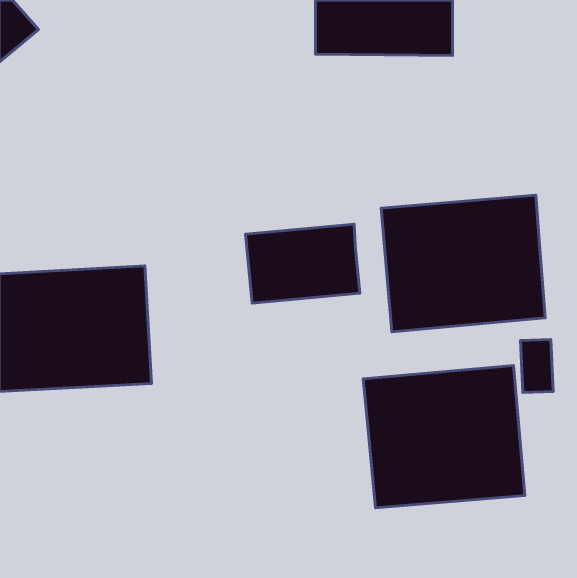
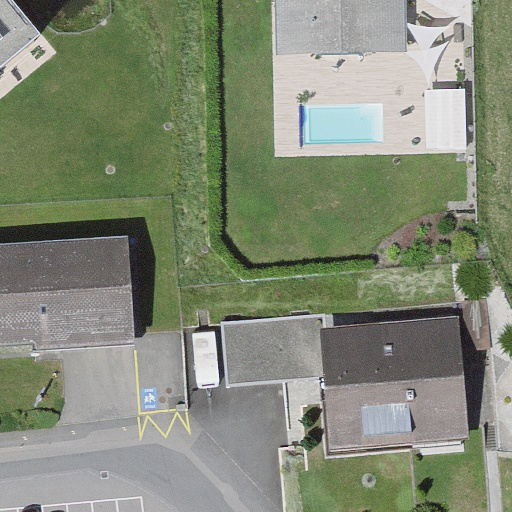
building: [381,195,545,332] -> none
building: [245,224,360,303] -> [224,316,325,386]

